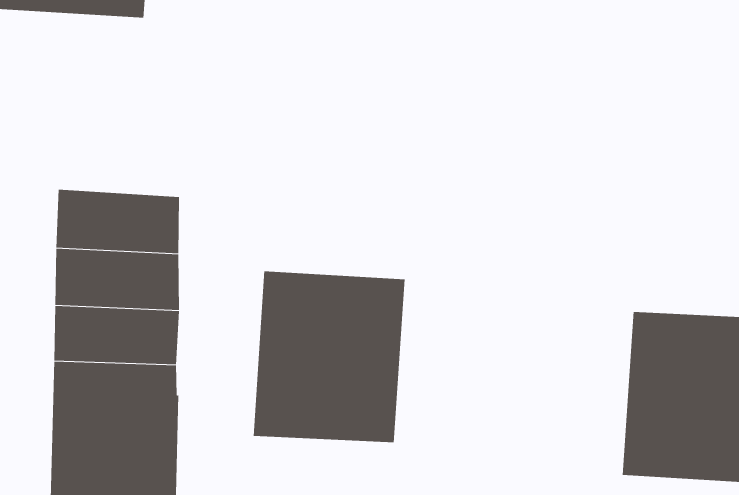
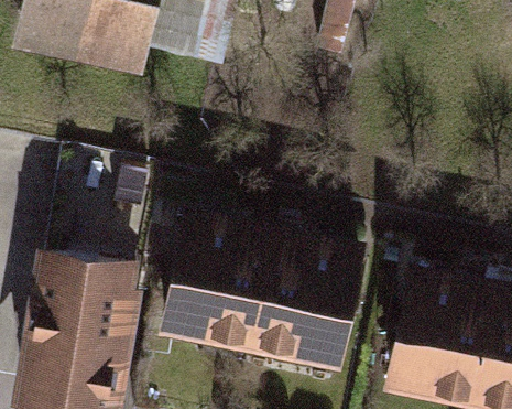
building: none -> [251,243,358,360]

